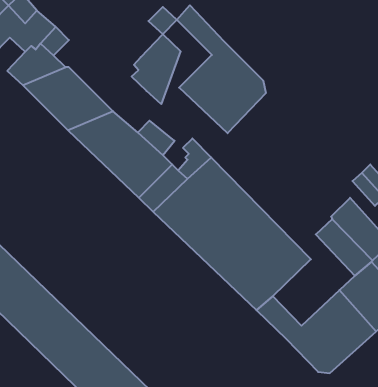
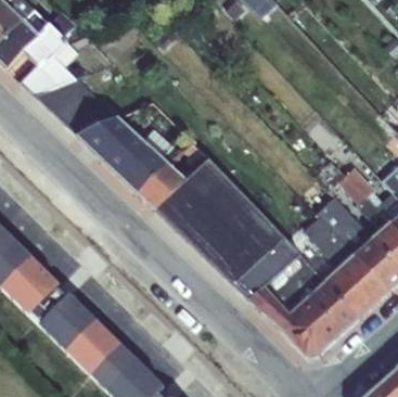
building: [177,5,266,133] -> none
building: [132,34,181,104] -> none
building: none -> [265,253,325,313]

